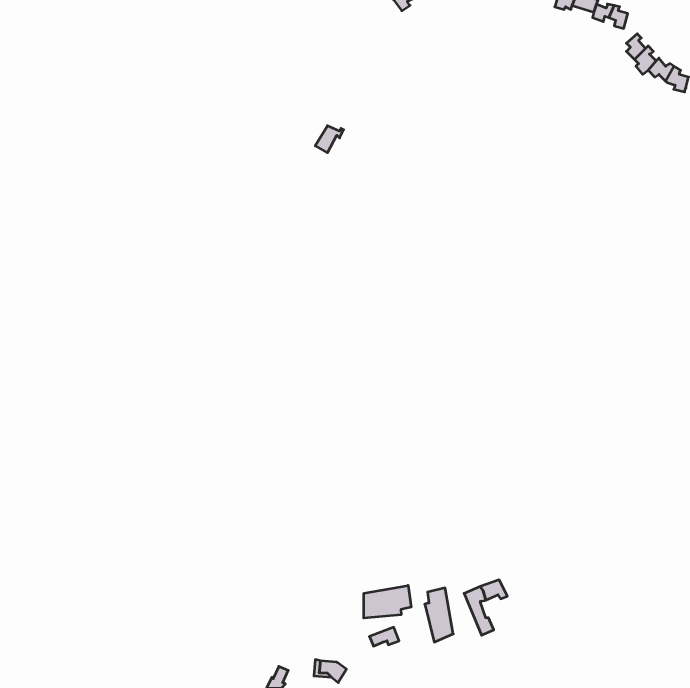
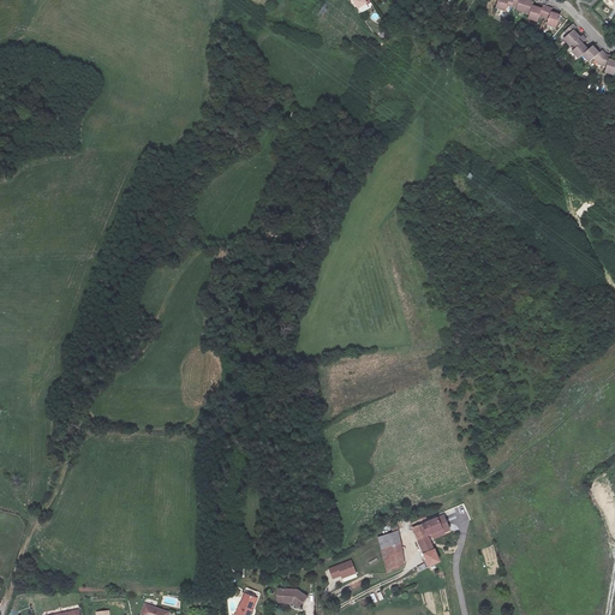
building: [364,585,411,618] -> none

